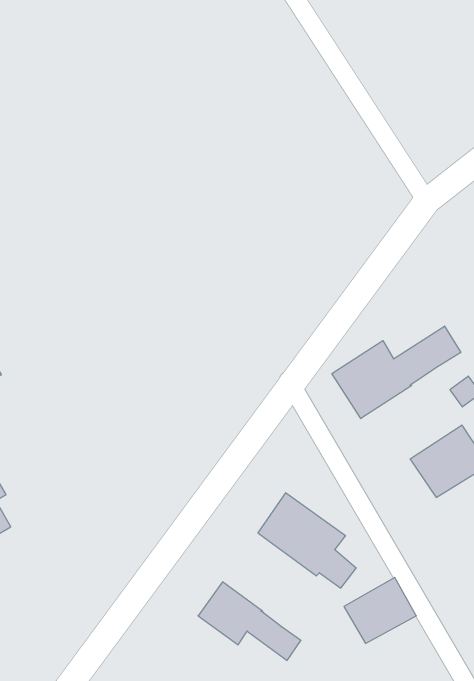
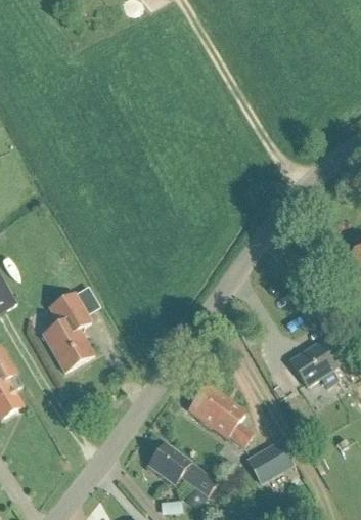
building: [332,326,461,419] -> none
building: none -> [41,286,100,373]

